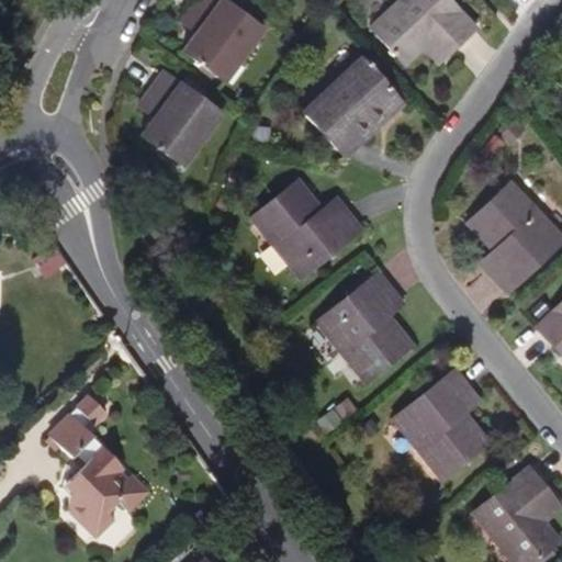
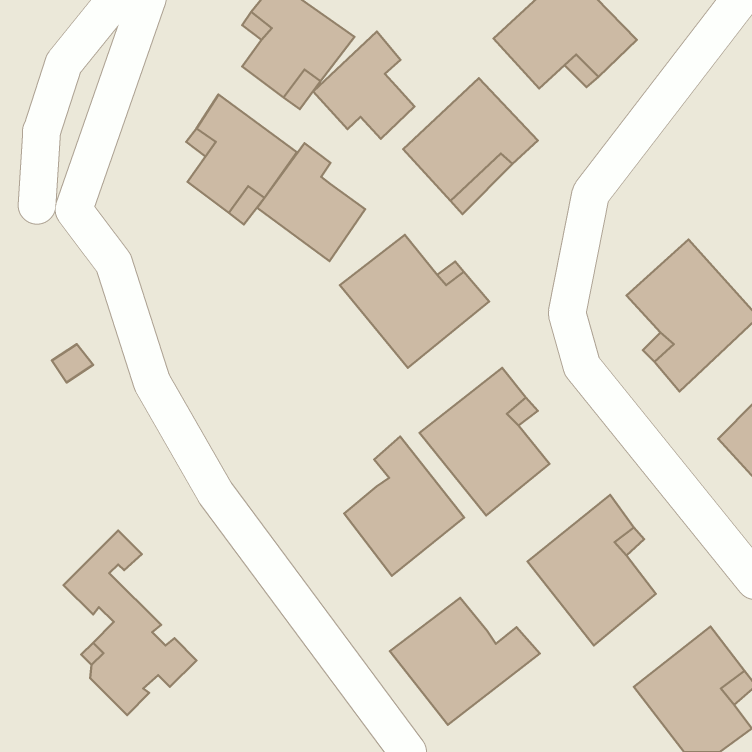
building: none -> [313,32,414,139]
building: none -> [257,143,365,261]
building: none -> [344,436,464,576]
building: none -> [390,598,540,725]

